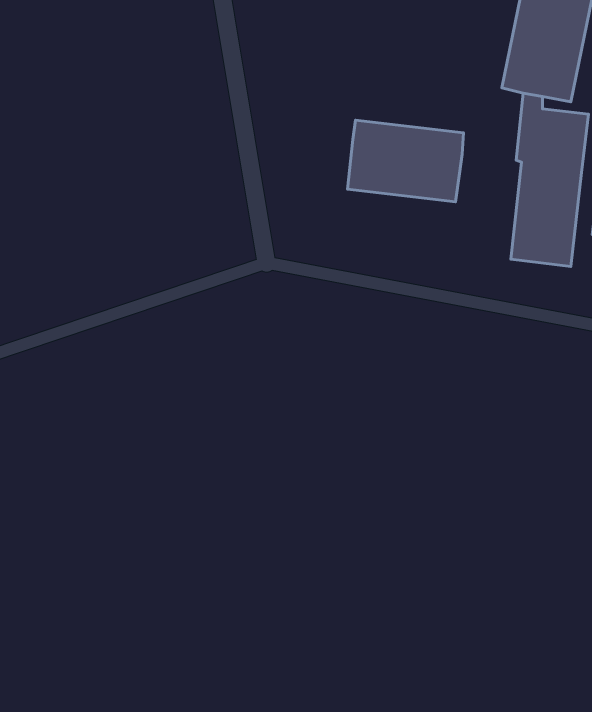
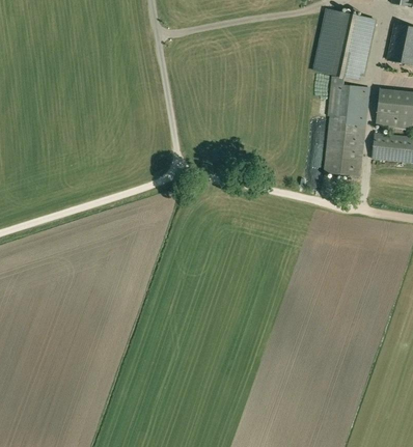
building: [347,120,464,202] -> none

